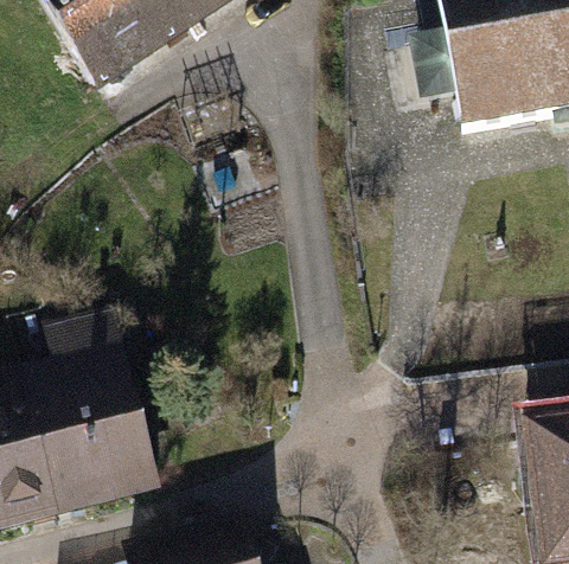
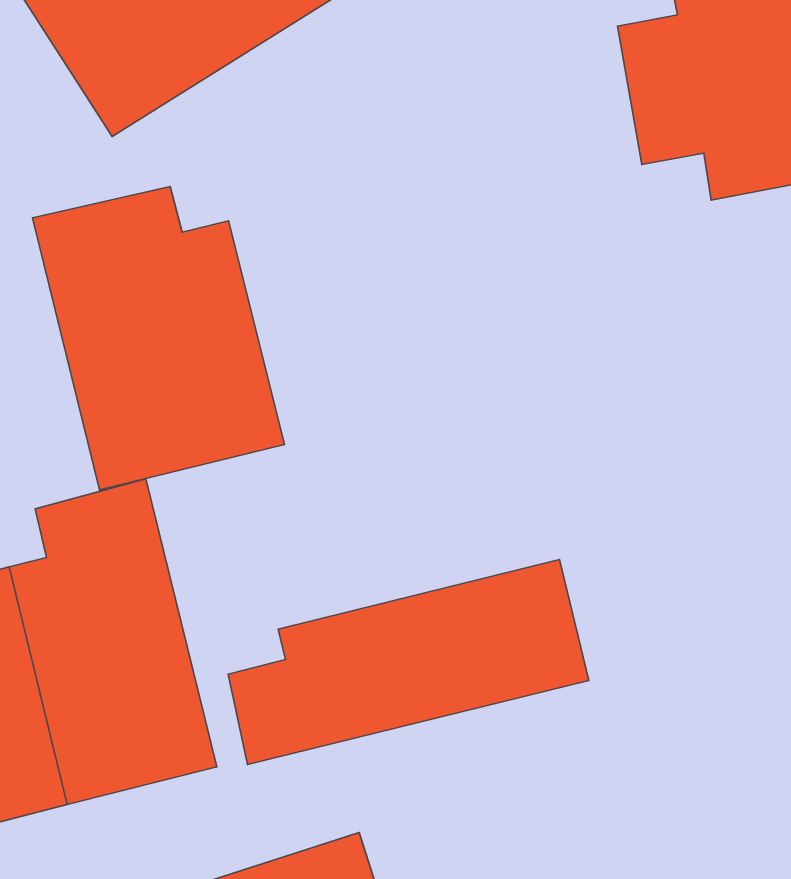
building: none -> [32,187,285,490]
building: none -> [228,559,589,765]

